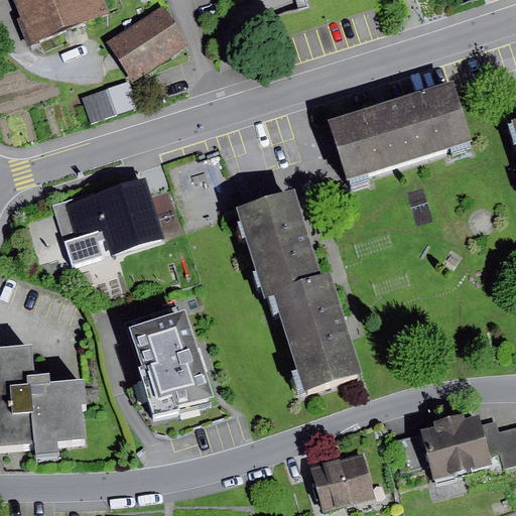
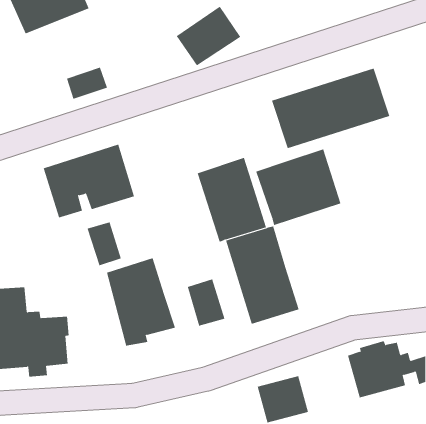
building: [108,9,186,82] -> [176,6,241,66]
building: none -> [255,149,341,226]
building: none -> [87,221,121,266]
building: none -> [187,278,225,327]

